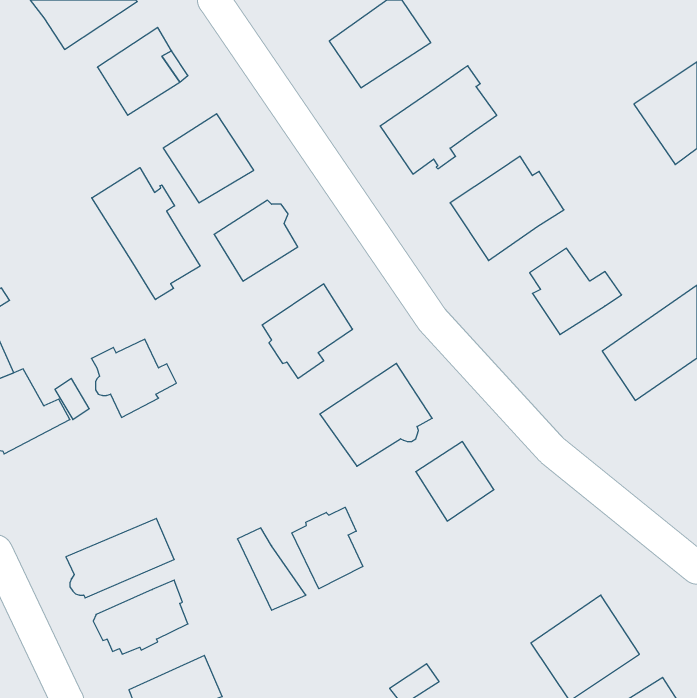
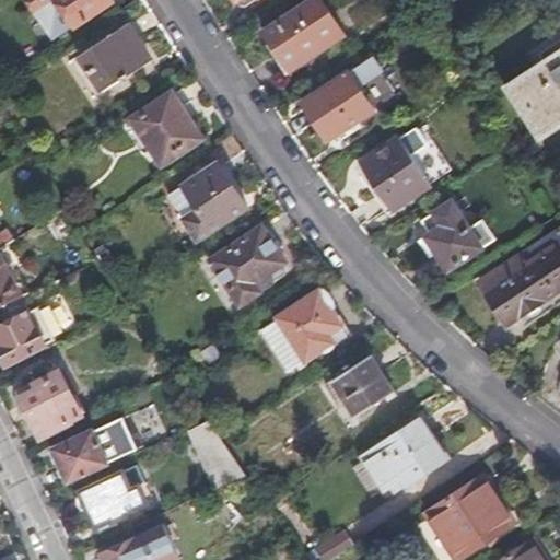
building: [92,168,200,300] -> none
building: [91,339,176,417] -> [14,373,82,435]
building: [292,507,363,589] -> none
building: none -> [359,419,445,492]

